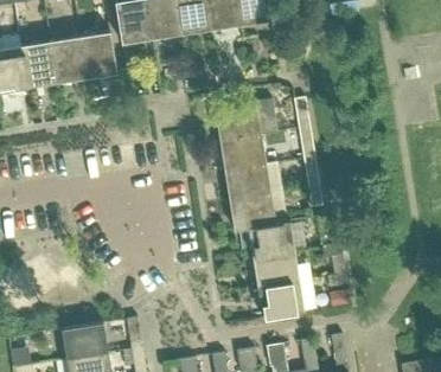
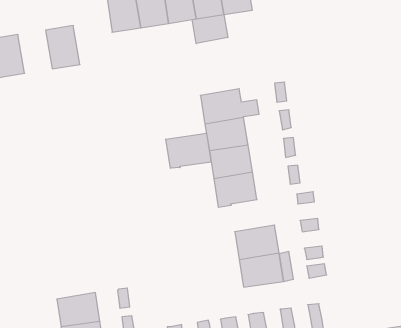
building: none -> [192,15,228,44]
building: [79,32,116,78] -> none
building: [20,41,57,88] -> none
building: none -> [166,133,211,168]
building: [248,220,295,257] -> none

